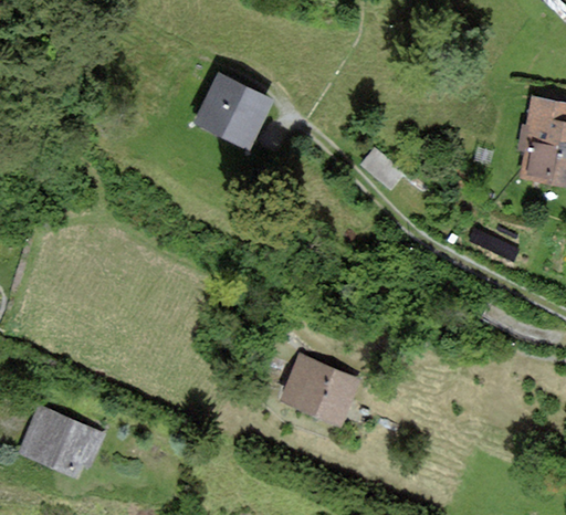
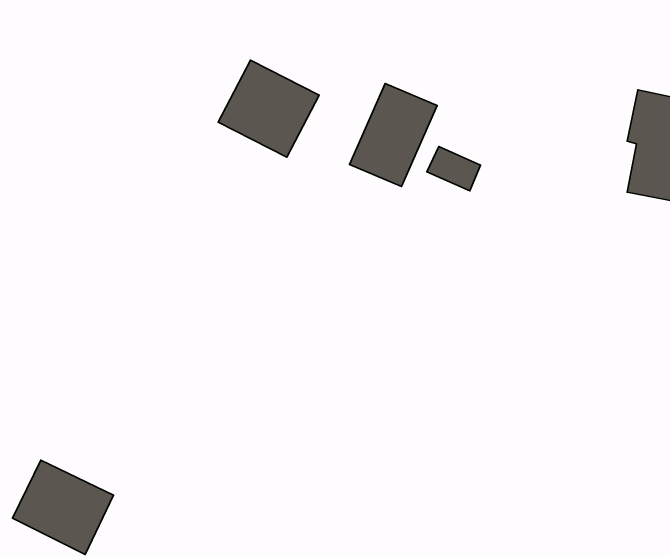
building: none -> [350,84,437,187]
building: [286,357,365,425] -> none

